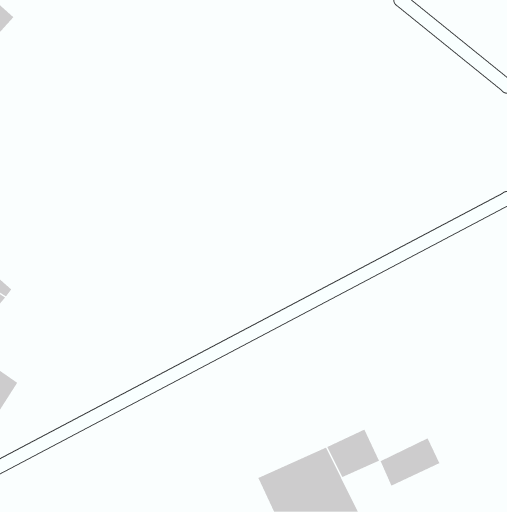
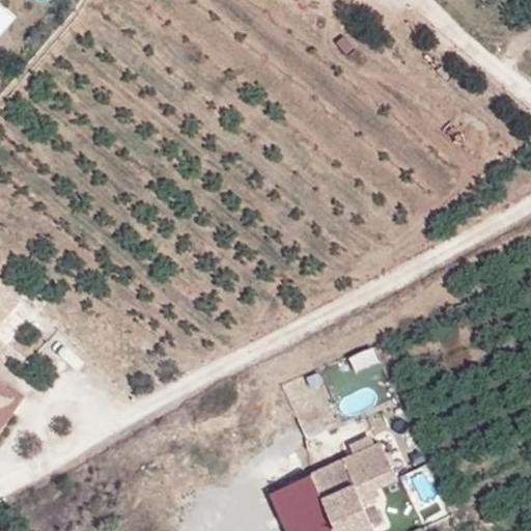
building: [380,438,440,486] -> none

